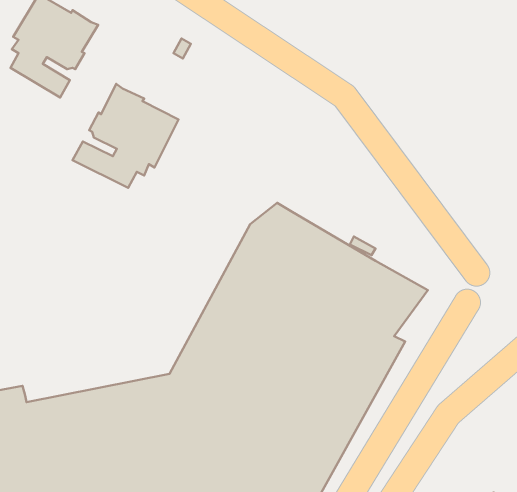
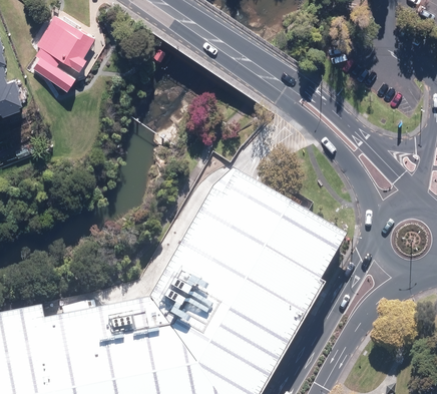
building: [72,84,178,188] -> none

